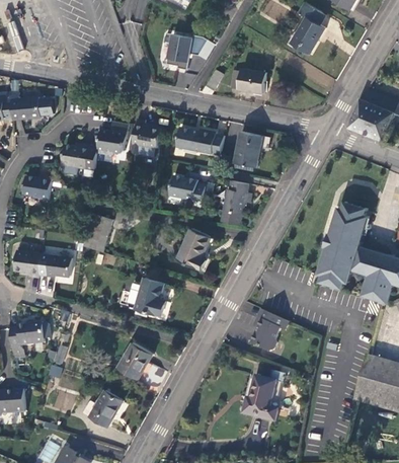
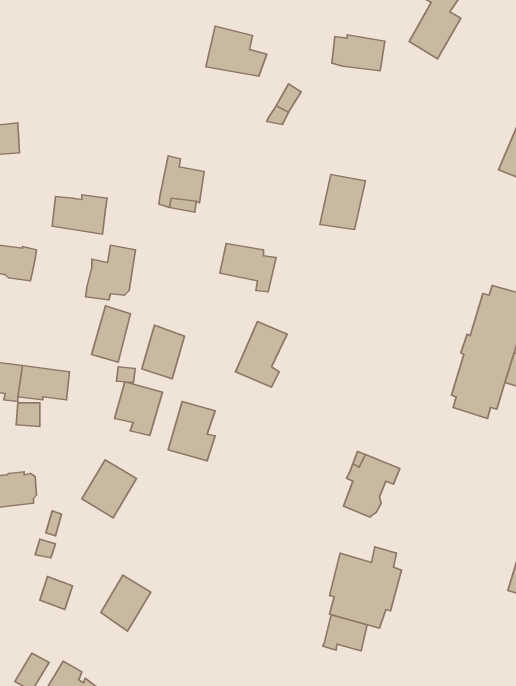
building: [231,70,265,93] -> [332,35,385,71]
building: [95,119,128,154] -> [85,245,136,300]
building: [176,126,223,155] -> none
building: [221,180,251,227] -> none
building: none -> [142,325,184,379]
building: none -> [114,382,163,436]
building: [119,340,155,378] -> [82,460,137,518]
building: none -> [323,615,367,651]

